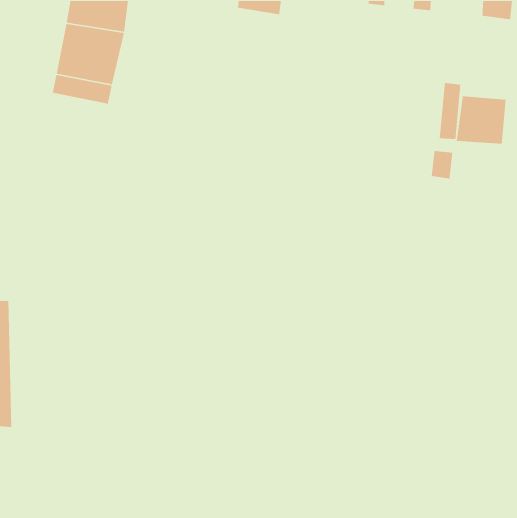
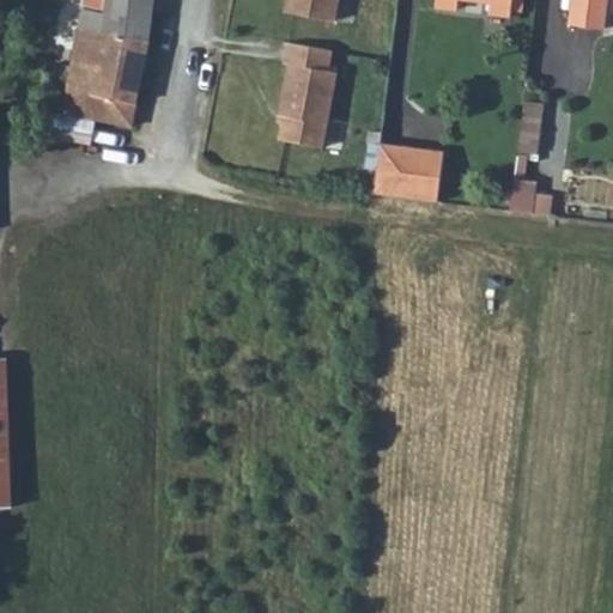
building: none -> [279,42,336,145]
building: [456,96,507,144] -> none
building: none -> [372,142,442,199]

